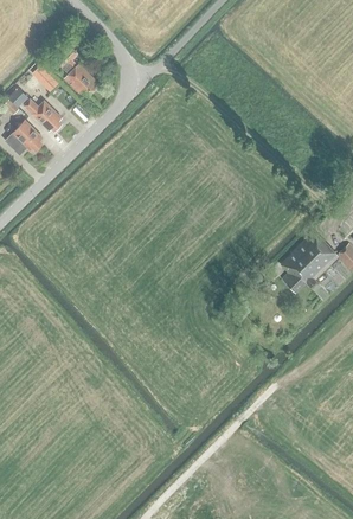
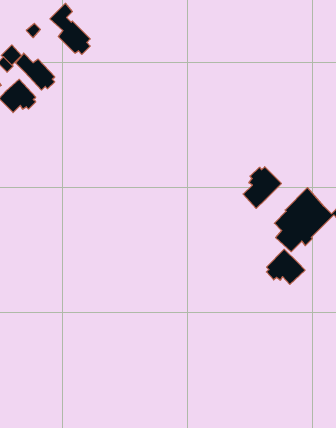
building: none -> [243,167,281,208]
building: none -> [266,249,305,284]

